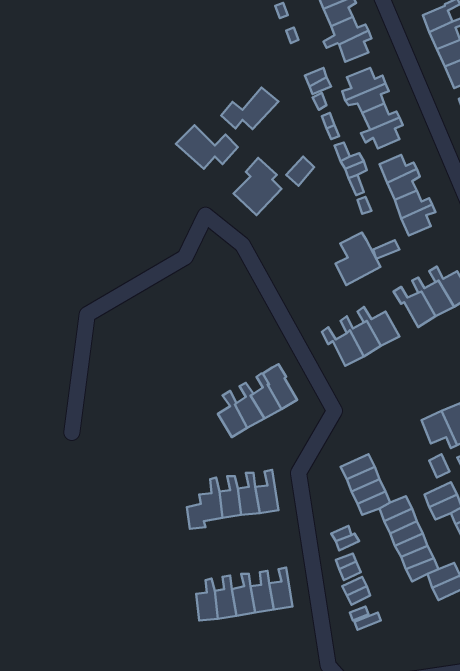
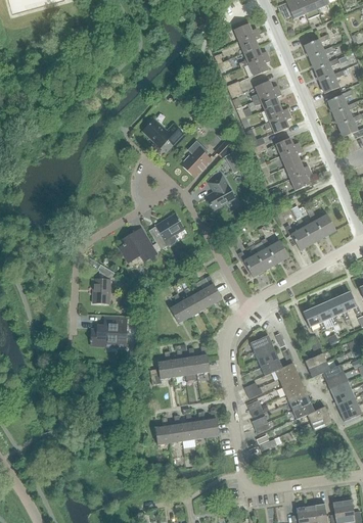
building: [221,88,278,129] -> none
building: [335,233,381,285] -> [205,175,234,209]
building: none -> [153,211,183,248]
building: none -> [119,229,155,260]
building: none -> [92,264,114,302]
building: none -> [90,317,126,345]

